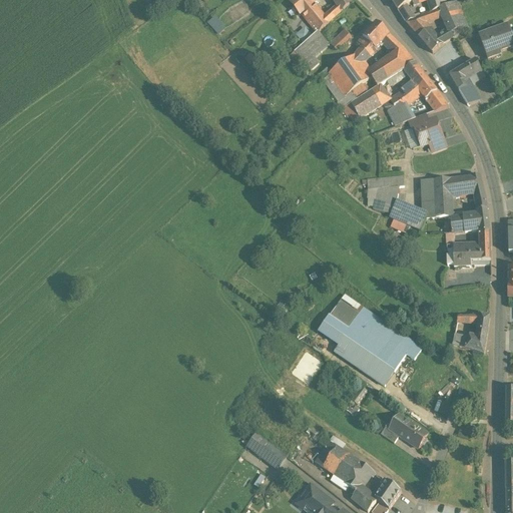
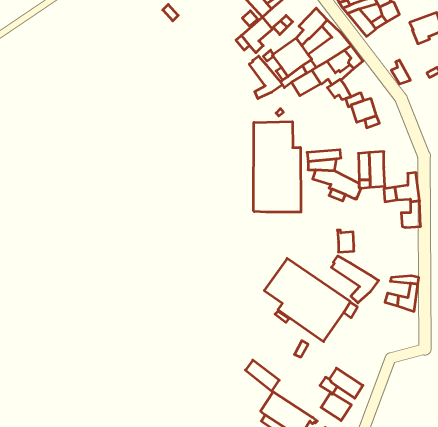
building: [448,58,479,87] -> none
building: none -> [249,56,283,99]
building: [402,77,447,108] -> none
building: none -> [254,122,301,212]
building: [449,172,484,200] -> none
building: [451,241,469,266] -> [337,230,354,252]
building: none -> [331,256,379,303]
building: [246,433,284,467] -> [245,360,279,391]
building: none -> [321,394,351,421]

